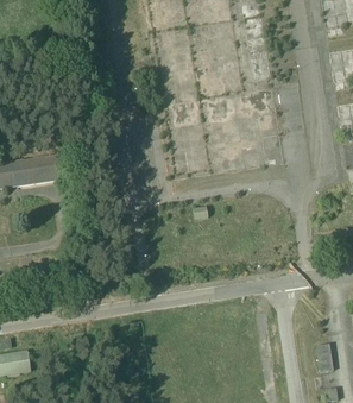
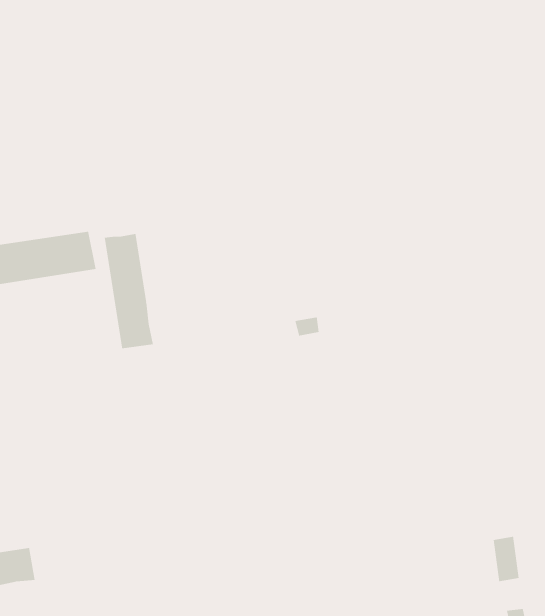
building: none -> [104,233,153,349]

